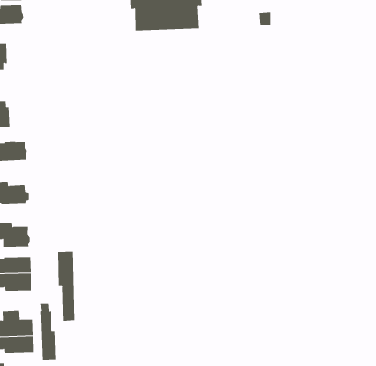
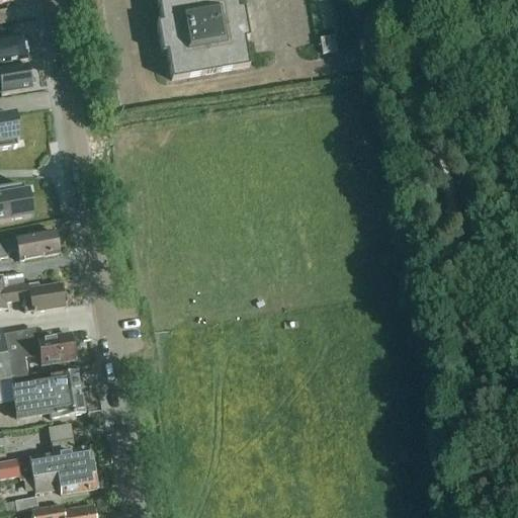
building: [57,251,75,322] -> none
building: [40,303,56,361] -> none

